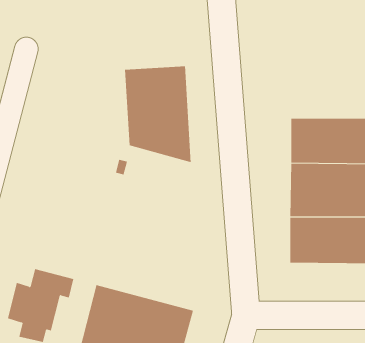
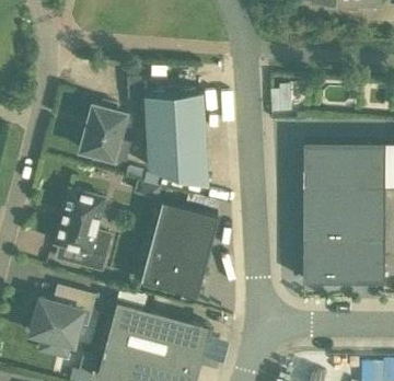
building: none -> [79,104,130,165]
building: none -> [55,192,109,273]
building: none -> [141,203,218,299]

